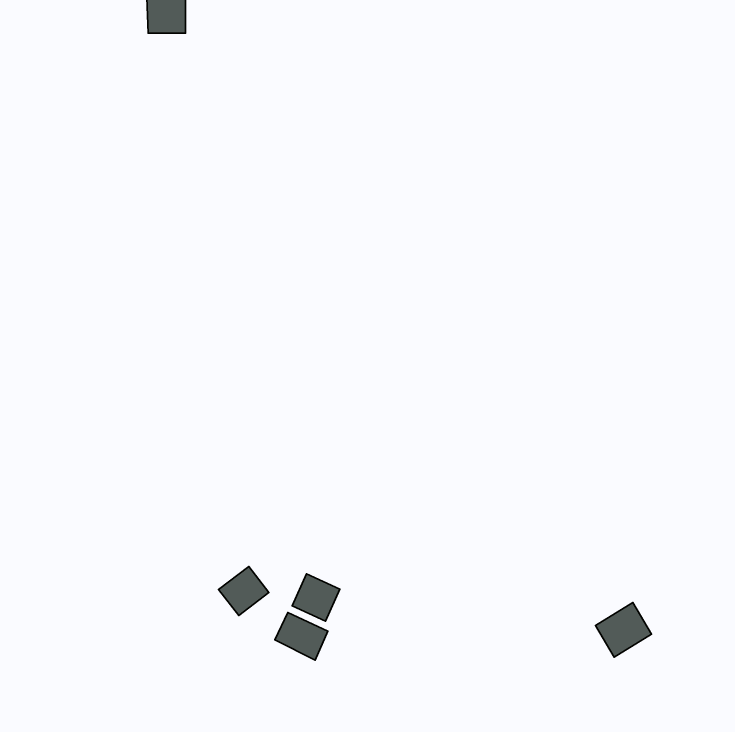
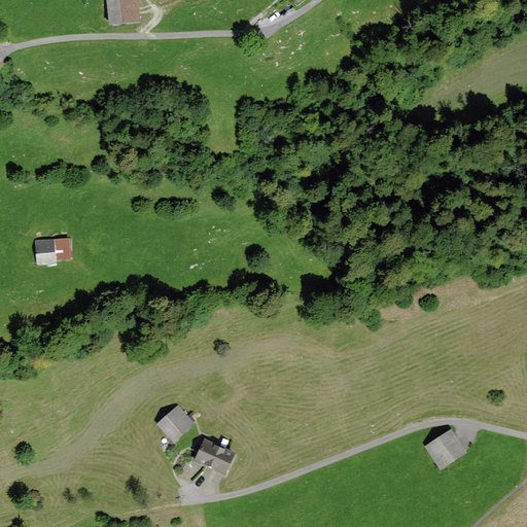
building: none -> [36,238,69,261]
building: [292,574,340,621] -> none

